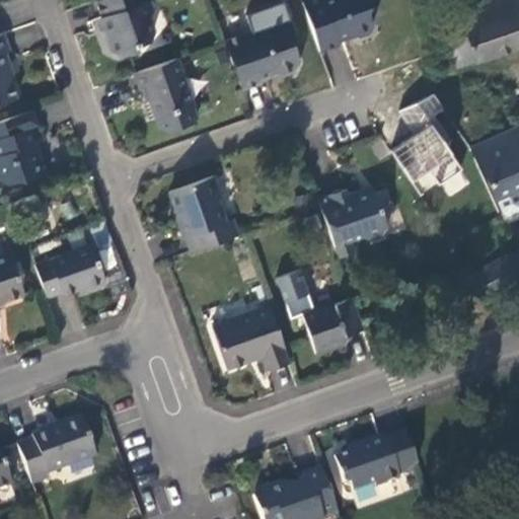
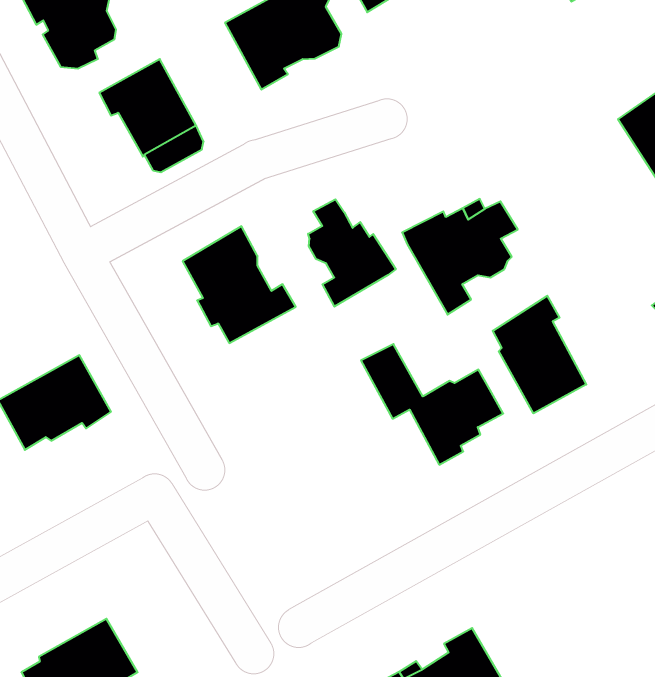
building: [390,90,469,196] -> none
building: none -> [308,199,396,307]
building: none -> [493,296,586,413]
building: [214,306,290,372] -> none
building: [331,429,416,489] -> none

